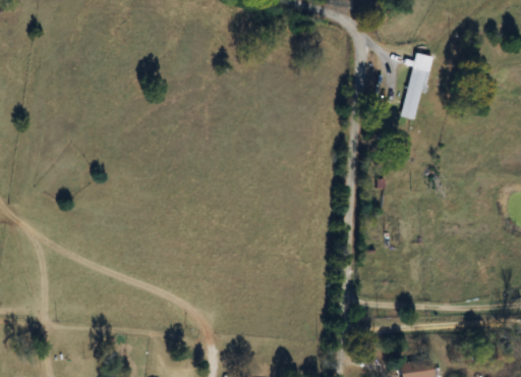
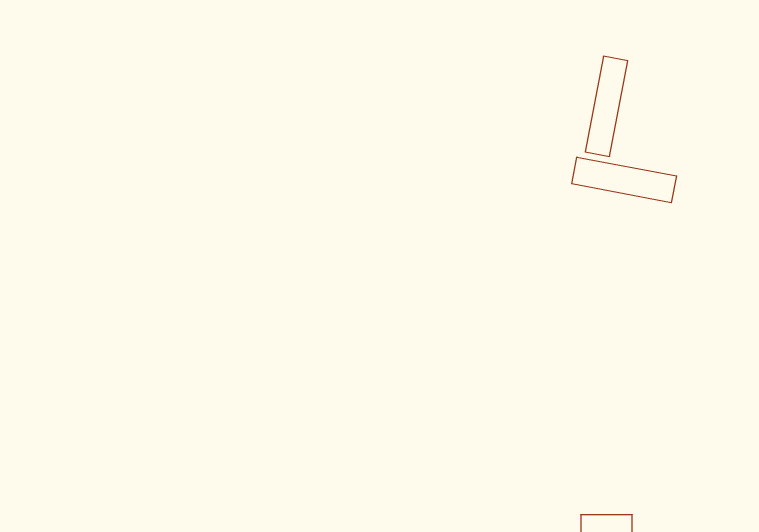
building: none -> [572,157,677,203]

